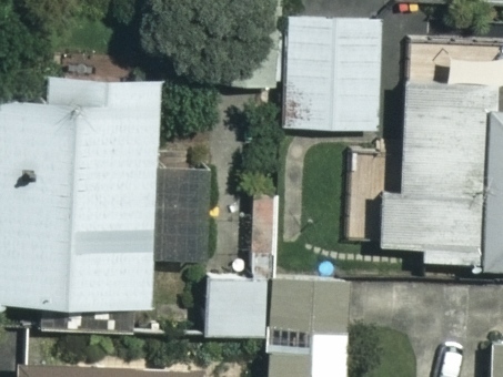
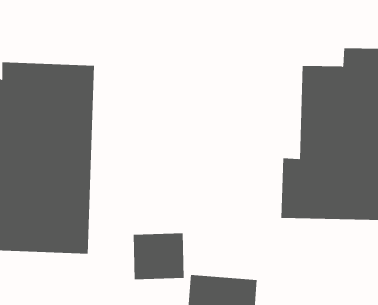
building: [292,17,383,130] -> none

